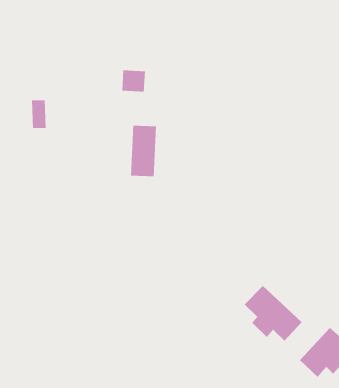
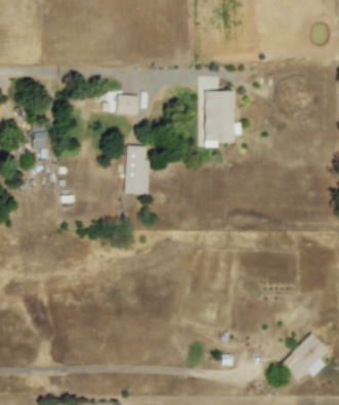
building: none -> [204,91,235,142]
building: [244,285,303,342] -> none

